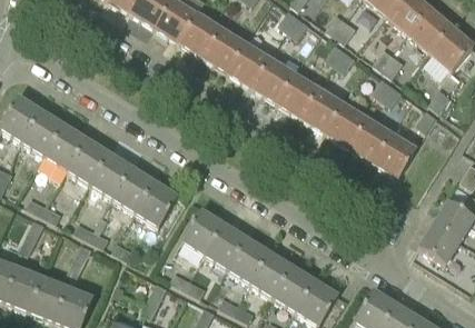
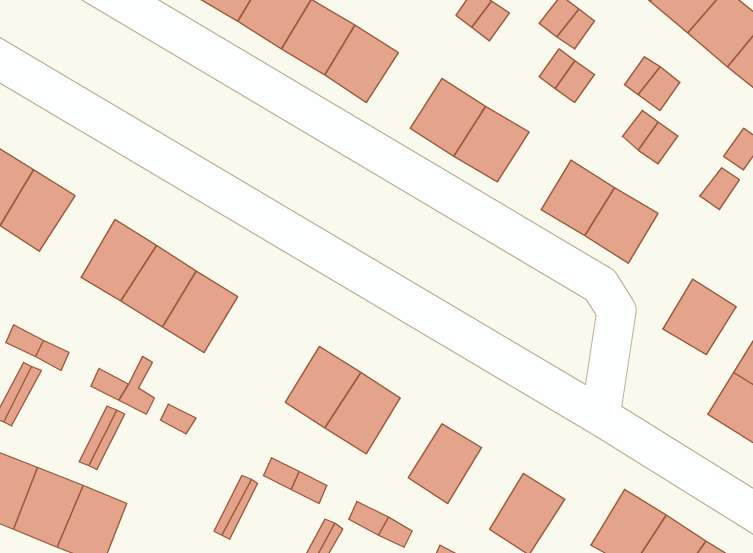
building: [228,44,270,87] -> none
building: [301,89,343,132] -> none
building: [44,125,87,170] -> none
building: [375,135,416,177] -> [663,279,736,355]
building: [137,181,179,227] -> none
building: [228,238,270,282] -> none
building: [274,266,316,311] -> none

